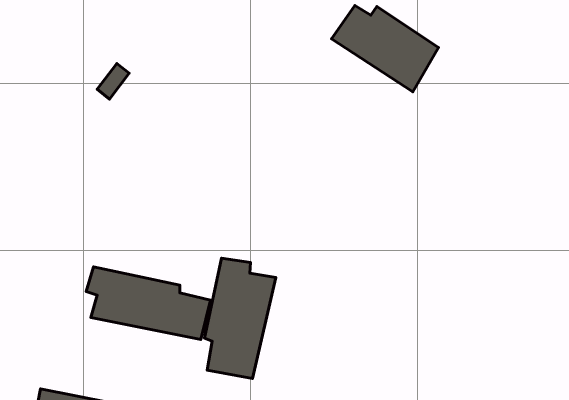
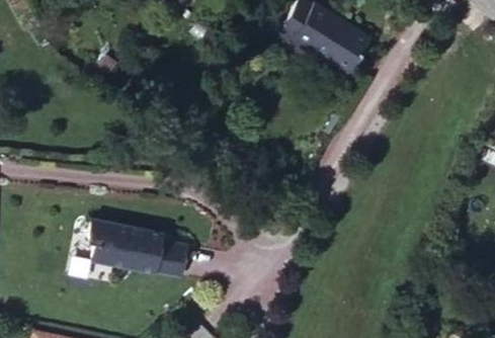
building: [205,258,276,379] -> none

